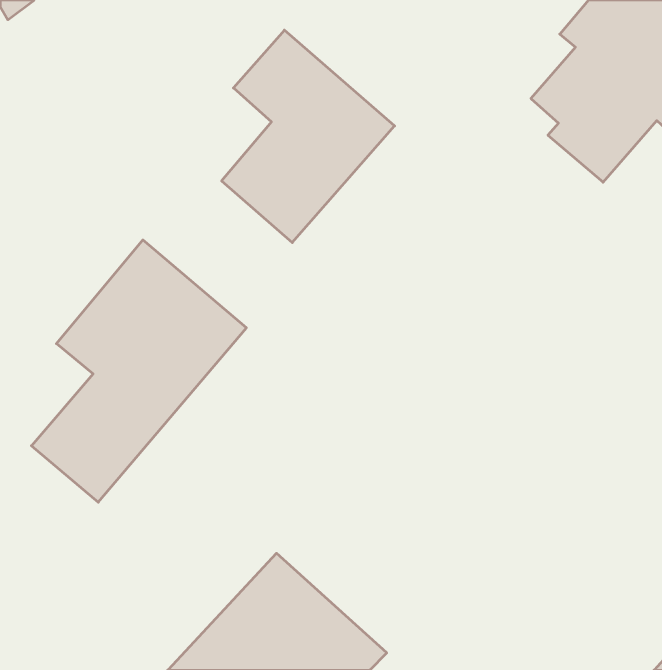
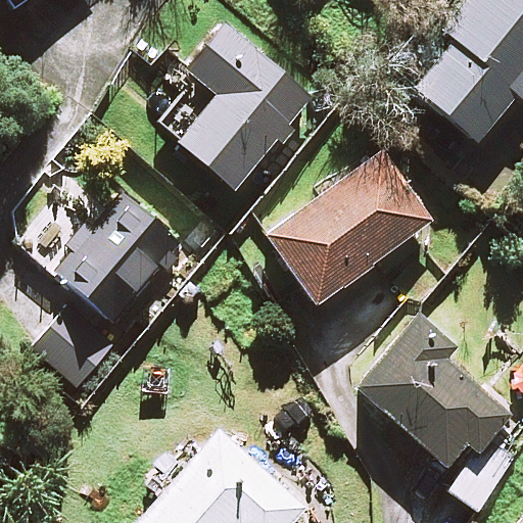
building: none -> [257,150,432,304]
building: none -> [356,321,515,468]

